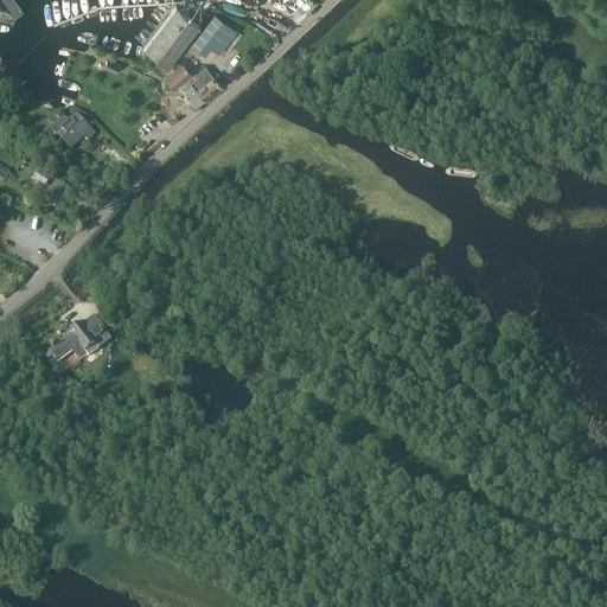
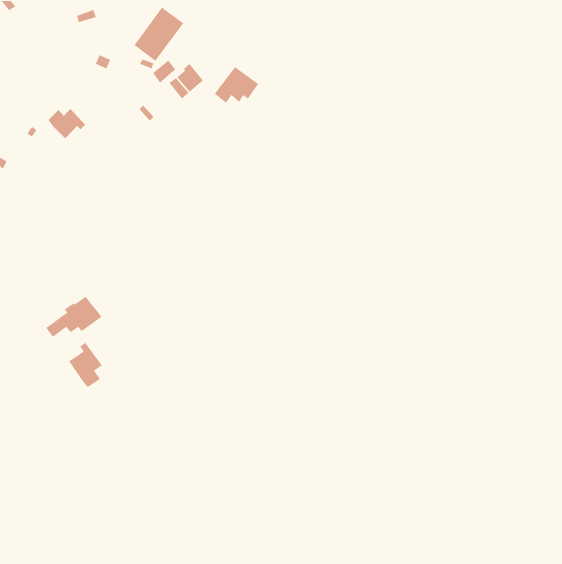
building: [191,14,239,55] -> [214,66,259,104]
building: none -> [68,342,103,388]

